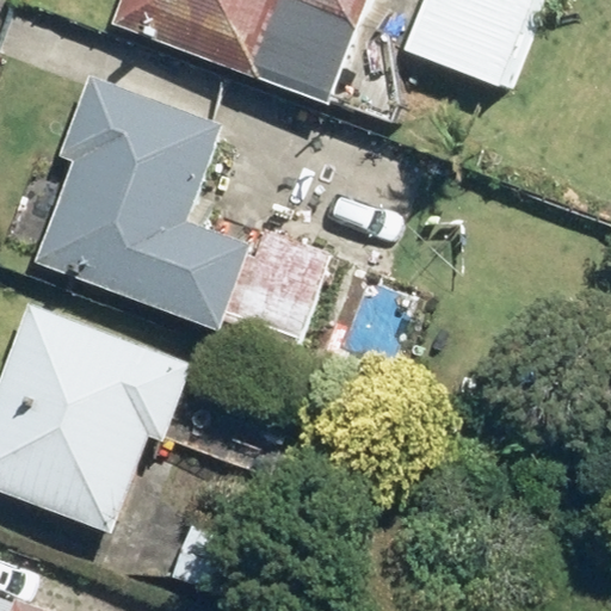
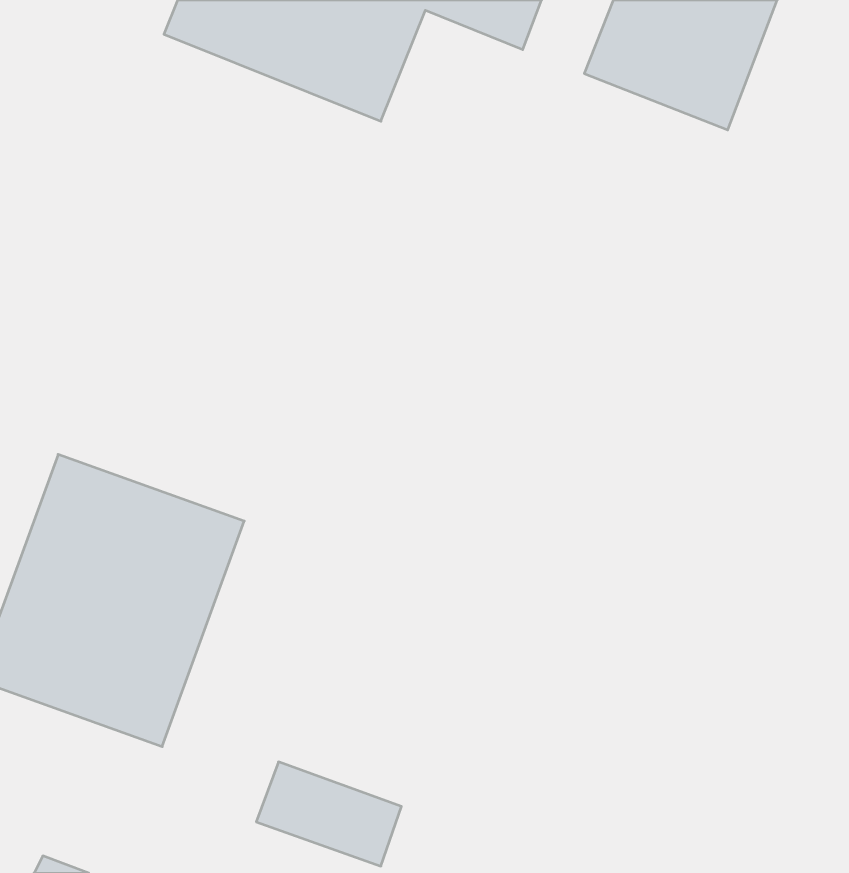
building: [49,84,251,313] -> none

